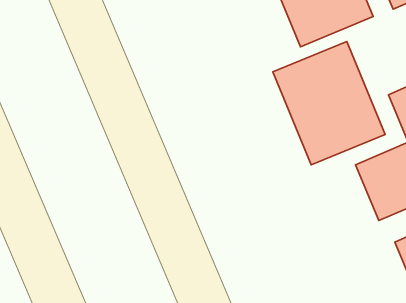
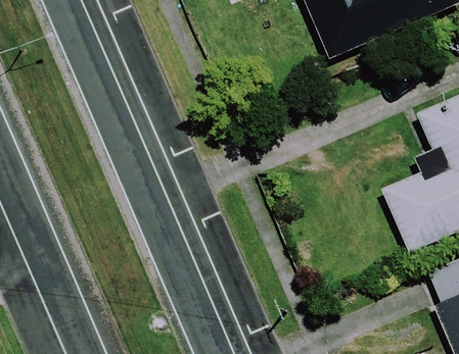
building: [273,41,385,165] -> none

